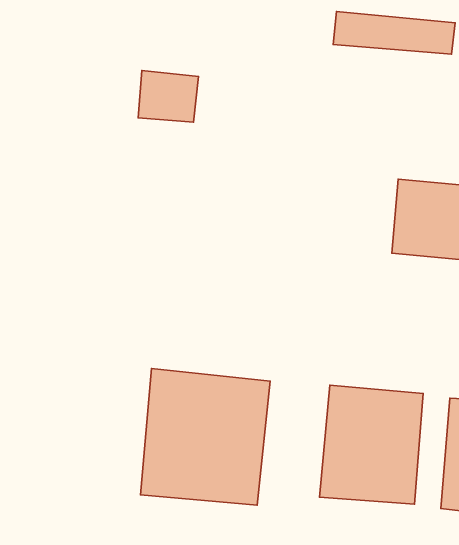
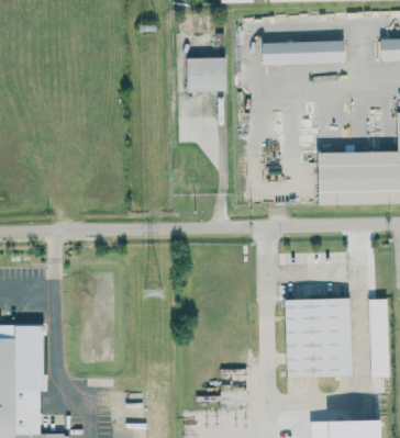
building: [138,70,198,122] -> [186,58,225,91]
building: [141,369,270,505] -> none

